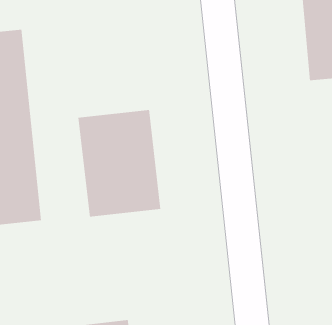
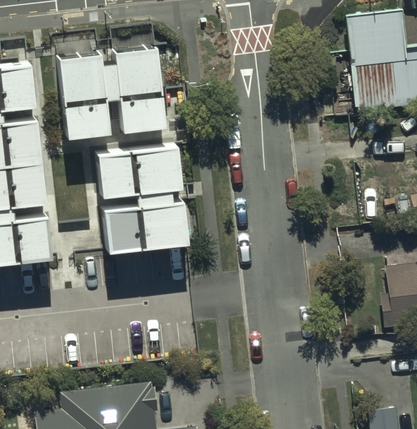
building: none -> [57,41,168,153]

